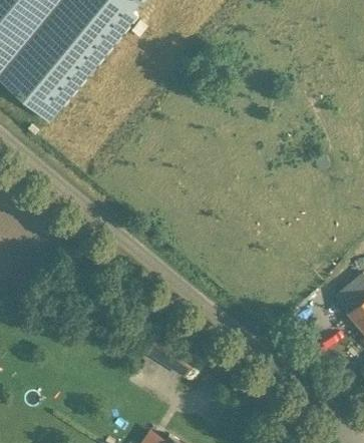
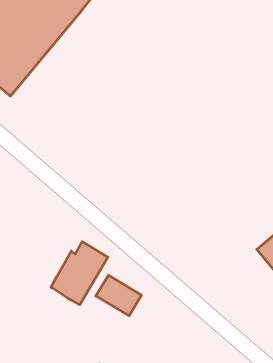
building: none -> [51,242,108,305]

